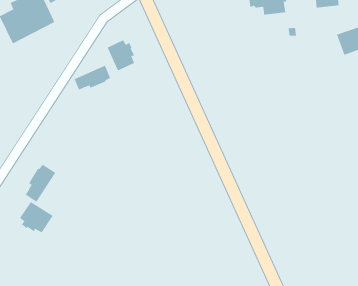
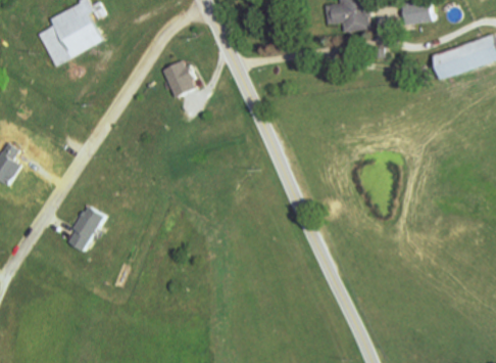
building: [74,65,111,91] -> none
building: [20,201,53,233] -> none

